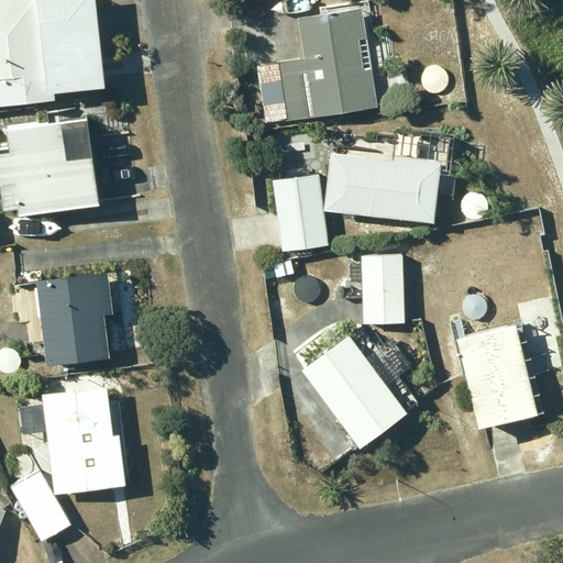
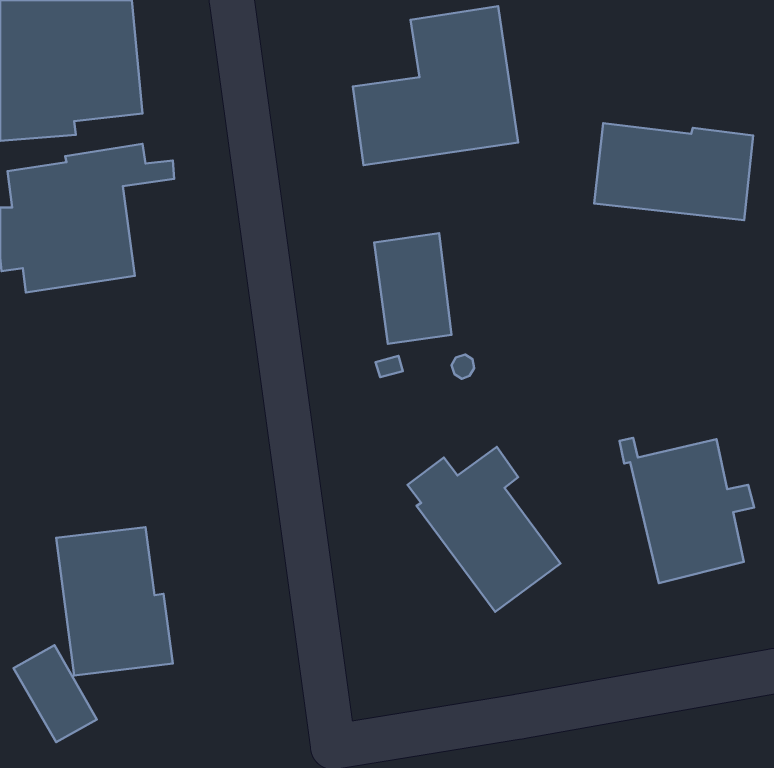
building: [324,152,440,222] -> [594,123,753,220]
building: [361,257,404,323] -> none
building: [30,273,120,367] -> none

